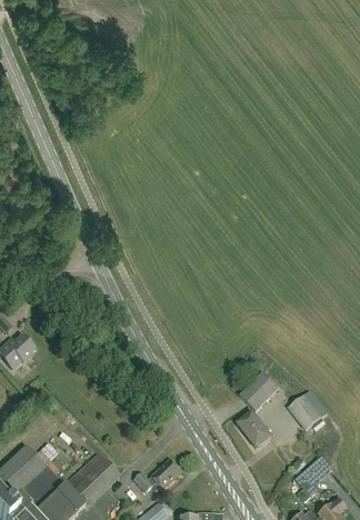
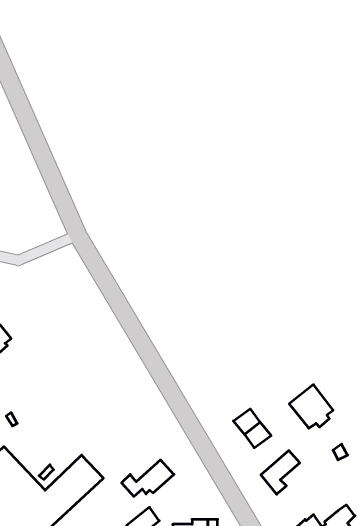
building: [238,372,278,411] -> none
building: [294,456,330,496] -> [261,451,300,494]

